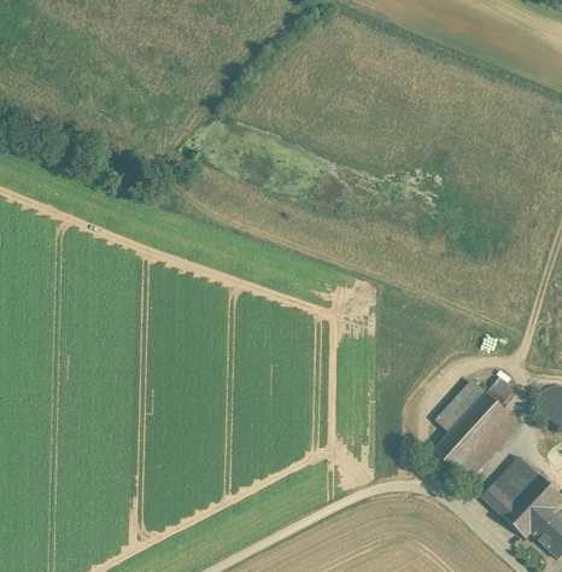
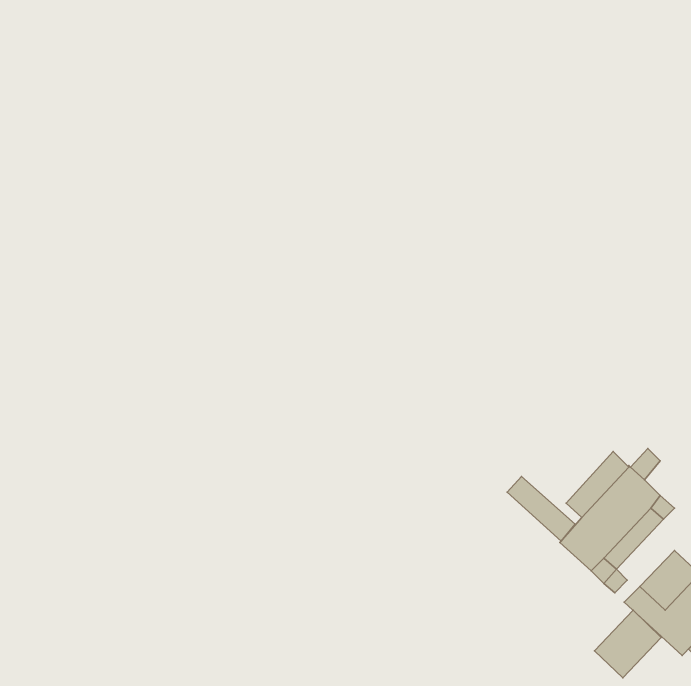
building: none -> [507,477,575,541]
building: none -> [595,610,661,678]

